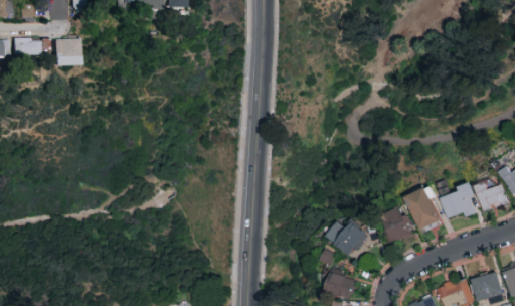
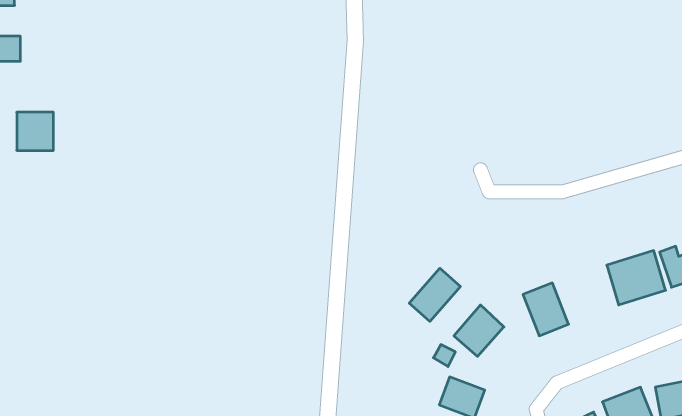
building: [53,38,78,64] -> [17,112,53,150]
building: [407,187,441,231] -> none
building: none -> [409,268,460,321]

